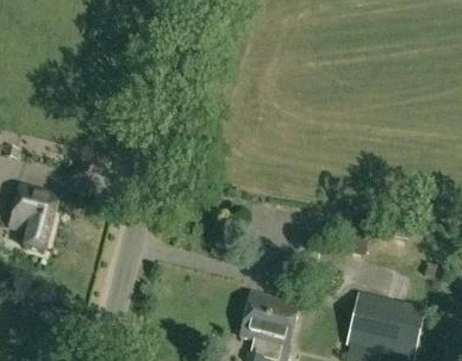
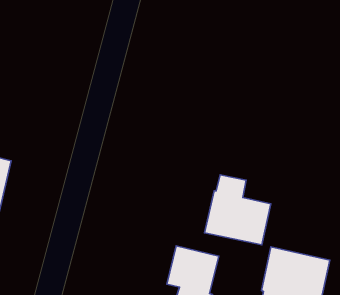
building: none -> [205,175,271,245]

